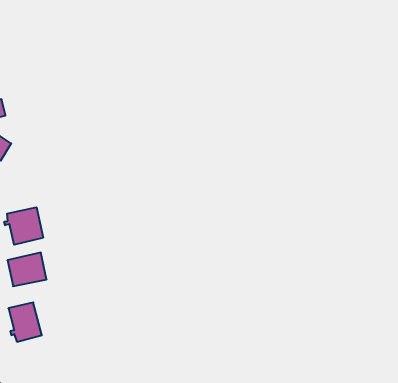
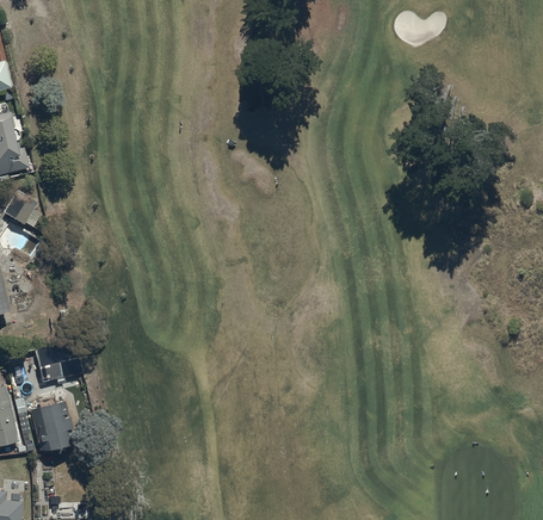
building: [4,207,43,245] -> none

